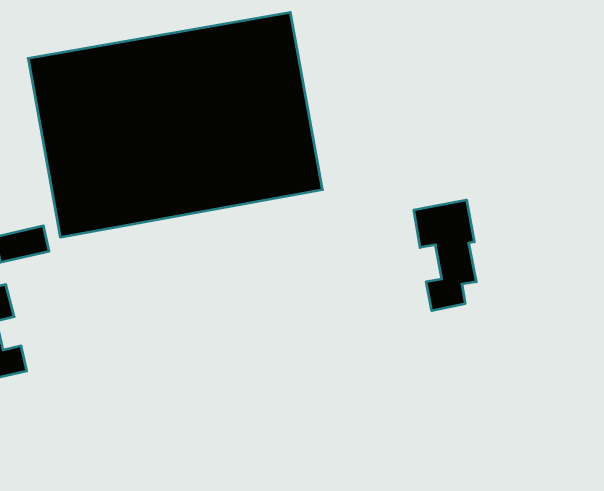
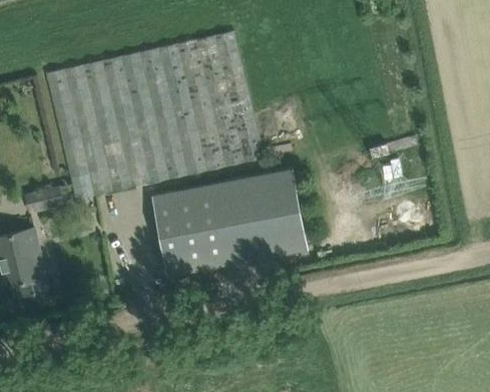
building: none -> [152,168,307,276]
building: [414,200,476,311] -> none

